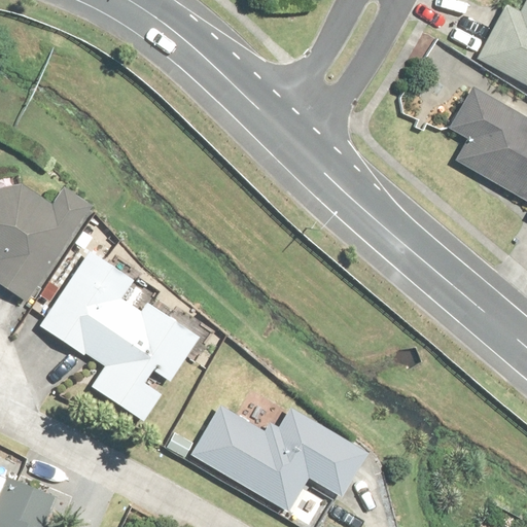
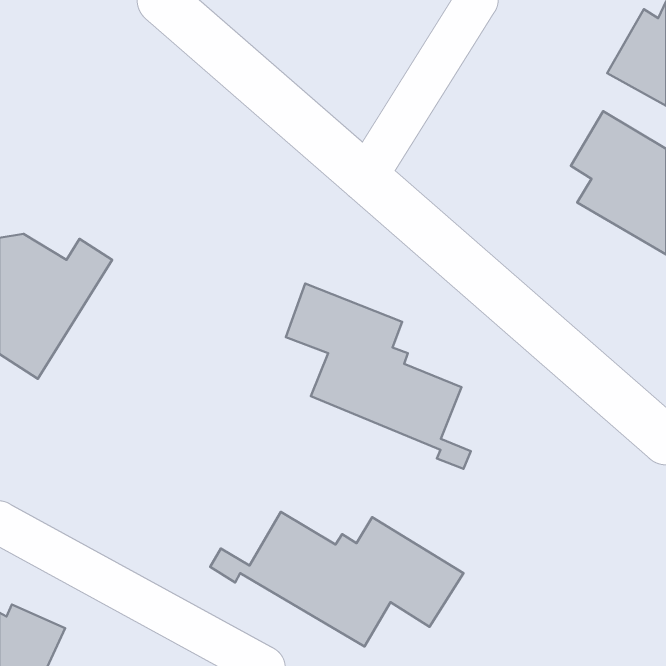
building: none -> [286,284,471,469]
building: [42,252,199,420] -> none

